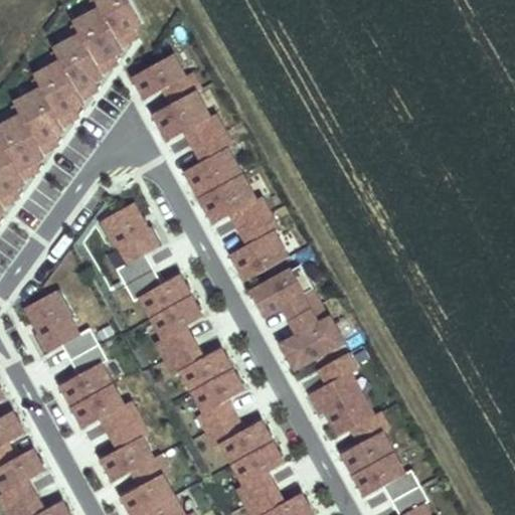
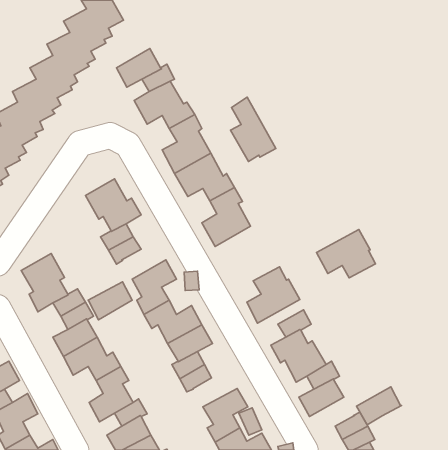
building: none -> [230,97,276,161]
building: [251,266,319,321] -> [316,229,376,278]
building: [139,276,189,319] -> [88,282,132,320]
building: [220,422,271,465] -> none
building: [353,454,404,497] -> [356,387,401,425]

